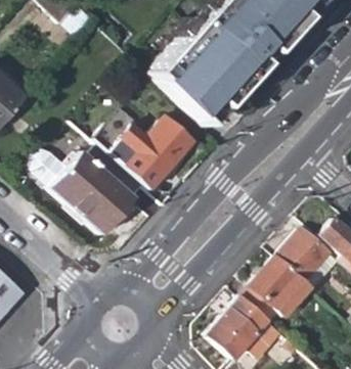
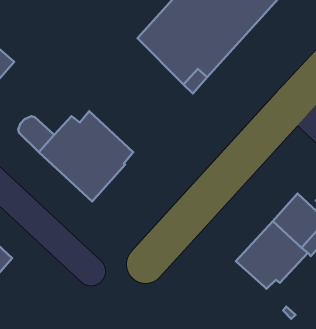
building: [126,117,202,191] -> none
building: [208,295,284,358] -> none

